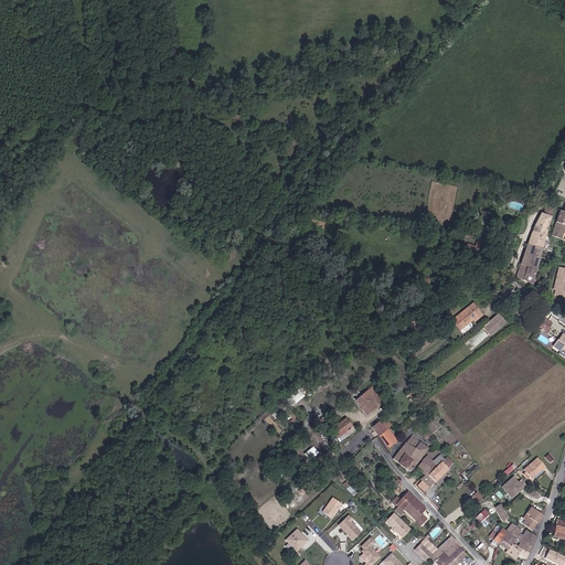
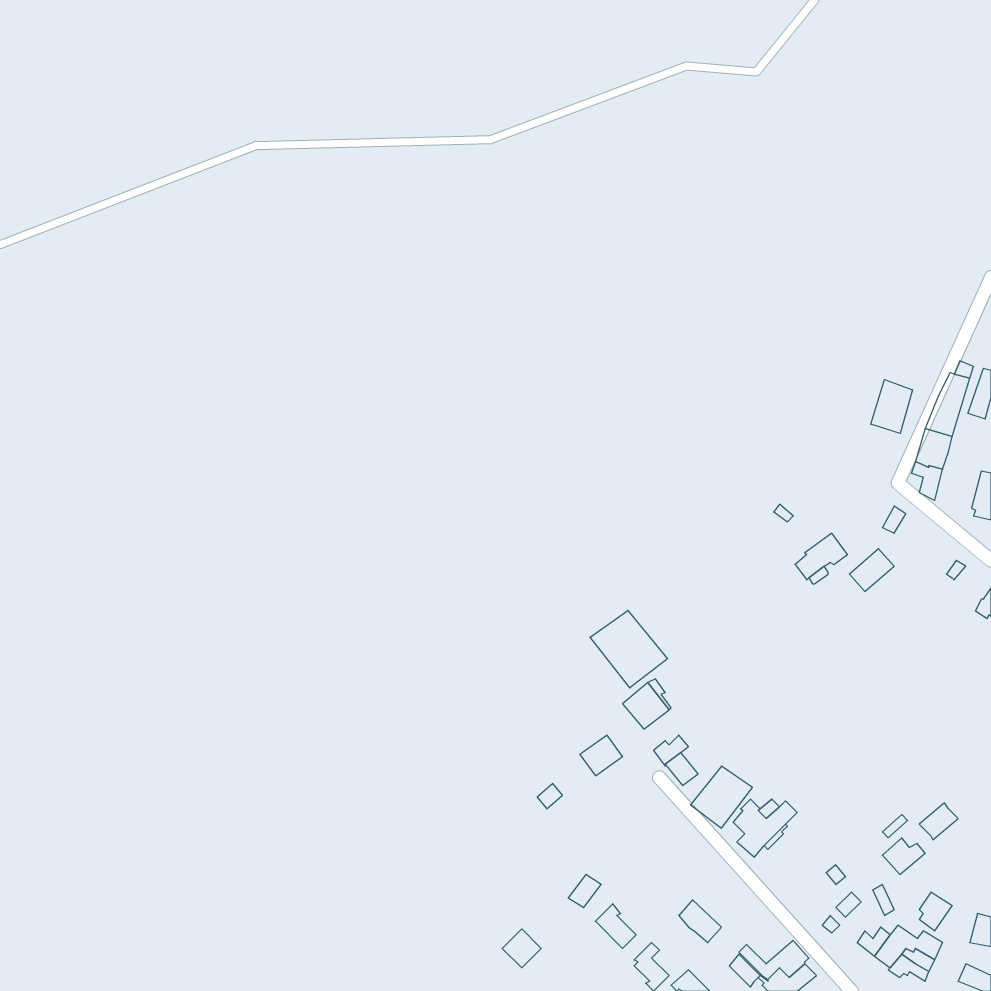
building: none -> [871,380,912,433]
building: none -> [590,610,668,688]
building: [395,491,426,525] -> none

